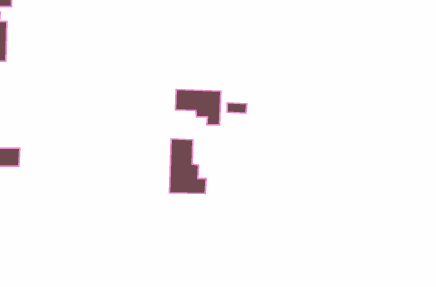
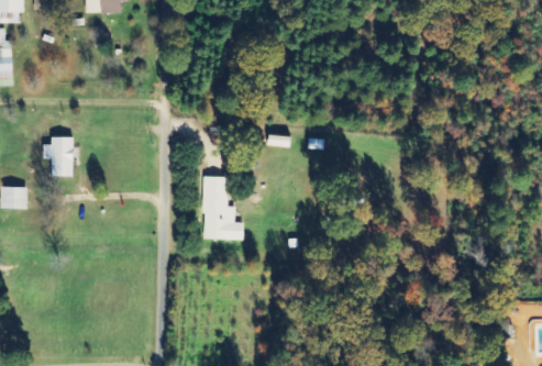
building: [176,90,221,125] -> none
building: none -> [43,136,74,176]

